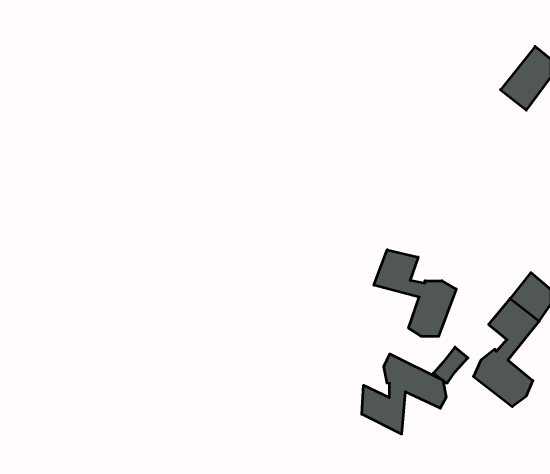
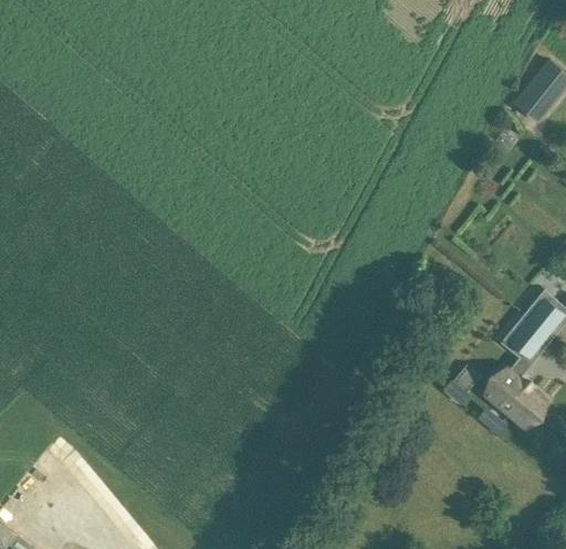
building: [374,250,456,336] -> none
building: [362,354,446,434] -> none

